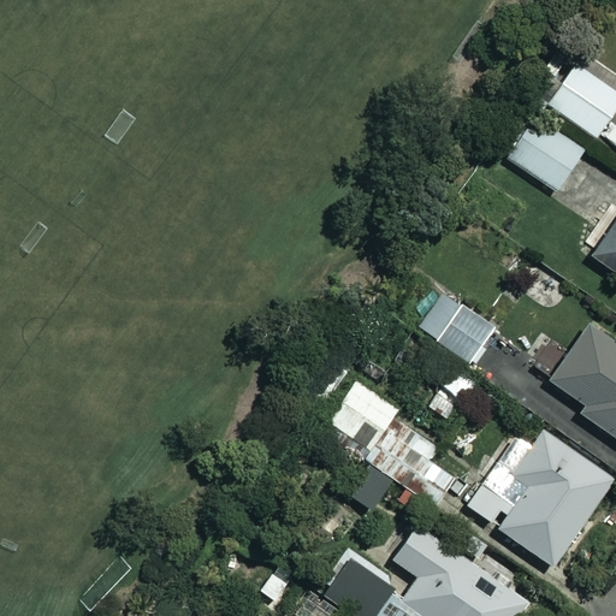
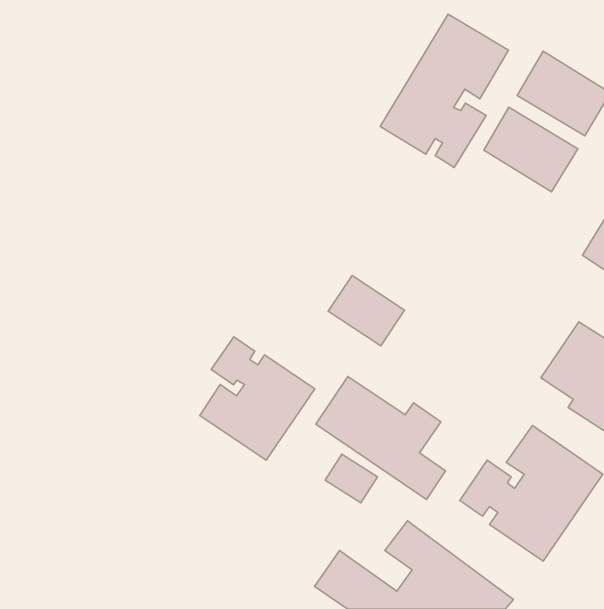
building: none -> [380,14,508,167]
building: [421,292,498,363] -> [328,275,405,346]
building: none -> [200,337,315,460]

